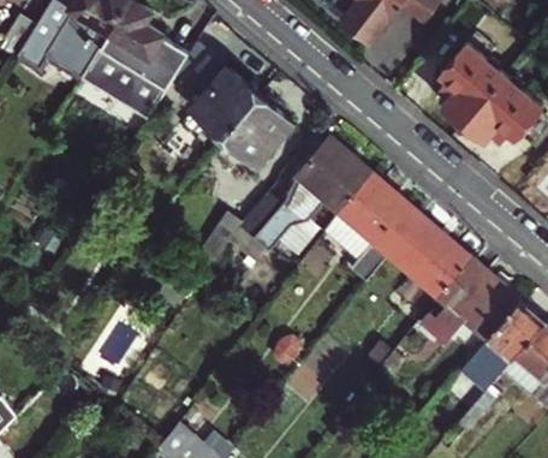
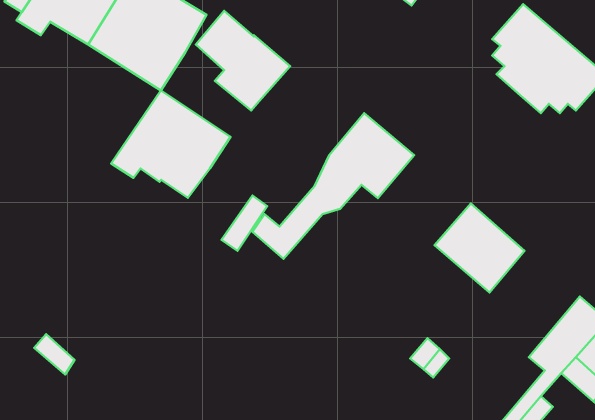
building: [226,97,292,165] -> none
building: none -> [111,90,230,198]
building: [323,177,422,284] -> none
building: [422,262,519,345] -> none

